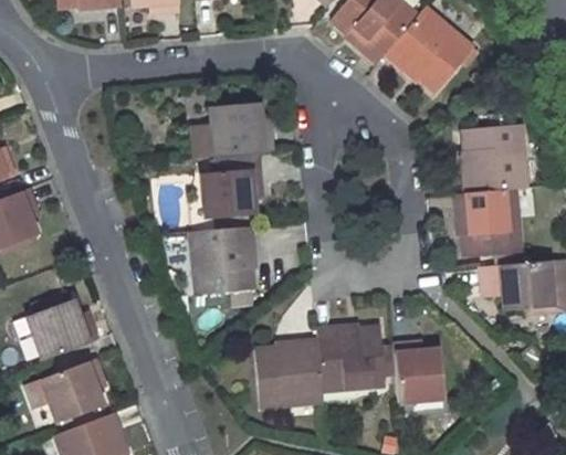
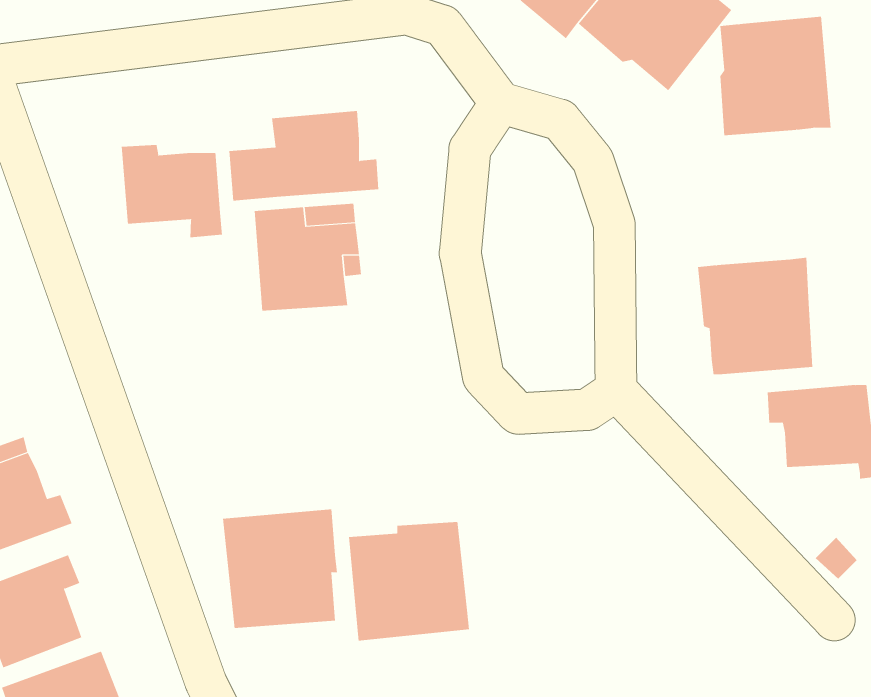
building: none -> [121,144,223,238]
building: [463,124,527,192] -> [720,16,832,136]
building: [189,225,255,294] -> [222,509,338,629]
building: [316,326,385,390] -> none
building: [394,342,444,403] -> none

